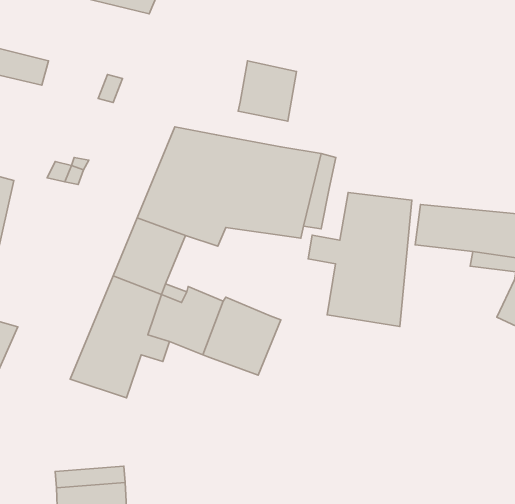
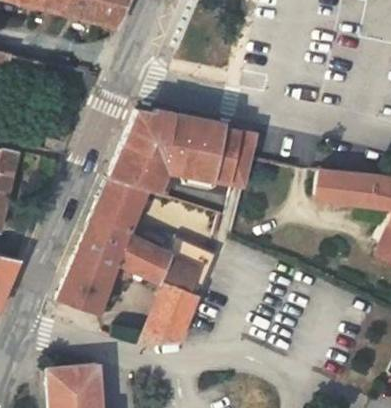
building: [238,61,296,121] -> none
building: [308,193,412,326] -> none
building: none -> [138,283,198,344]

